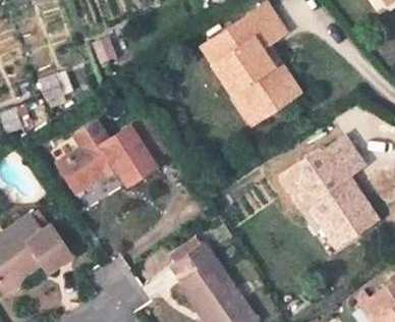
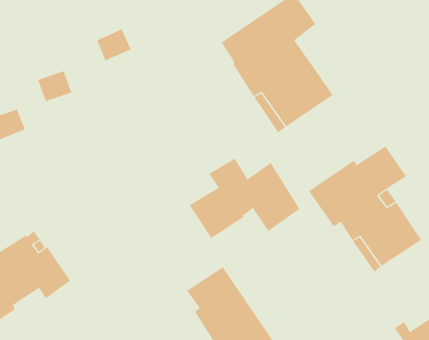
building: [58,121,156,193] -> [189,158,300,239]

